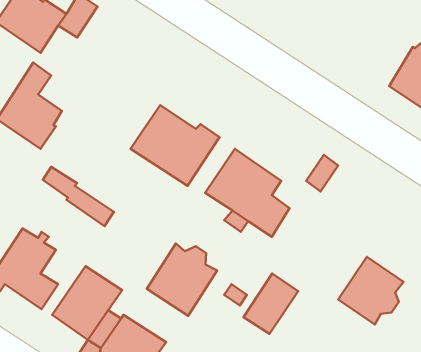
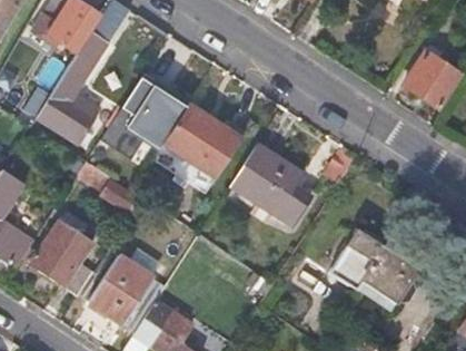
building: none -> [105,74,189,153]
building: [147,244,217,316] -> none
building: [244,273,298,334] -> [331,230,383,286]

